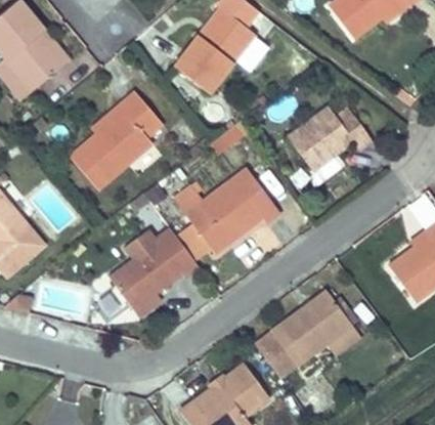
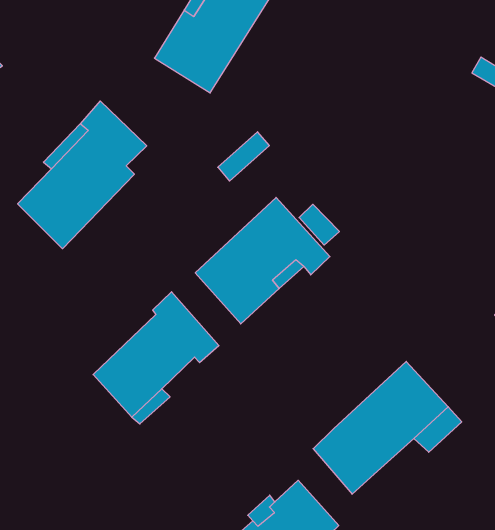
building: [289,107,371,189] -> none

